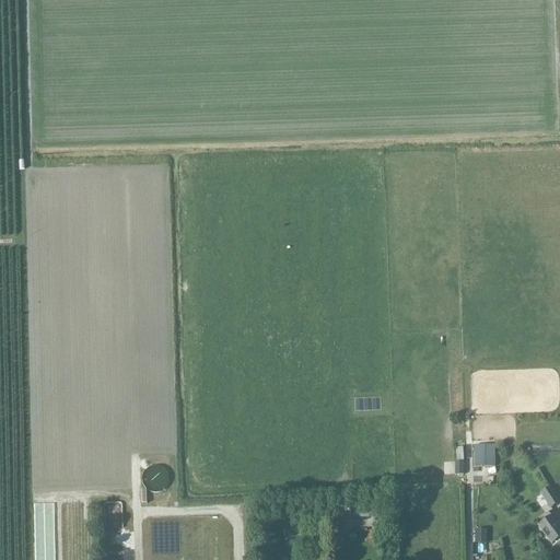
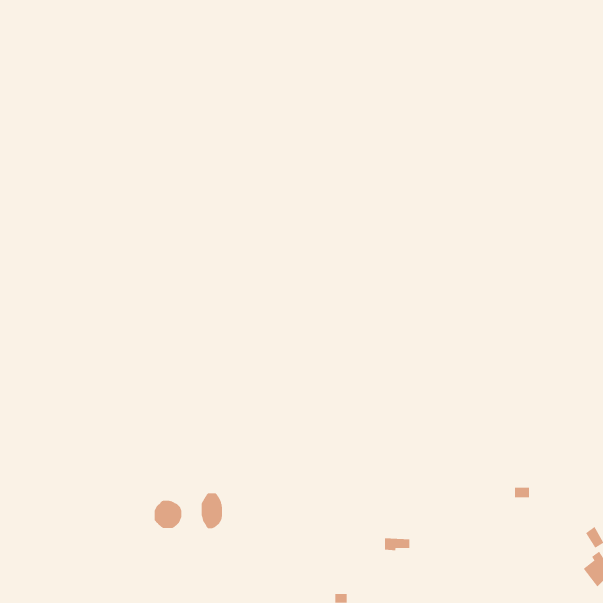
building: none -> [201,493,223,529]

